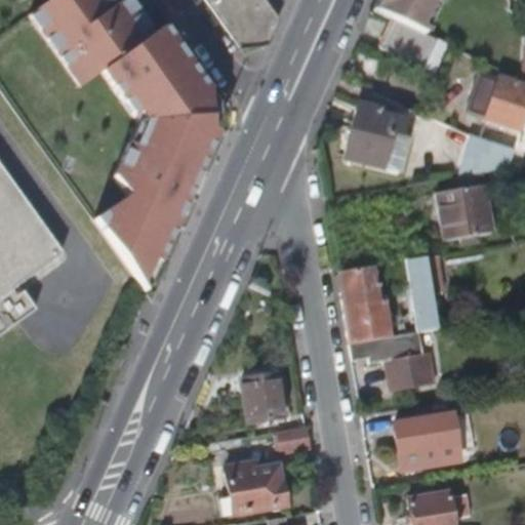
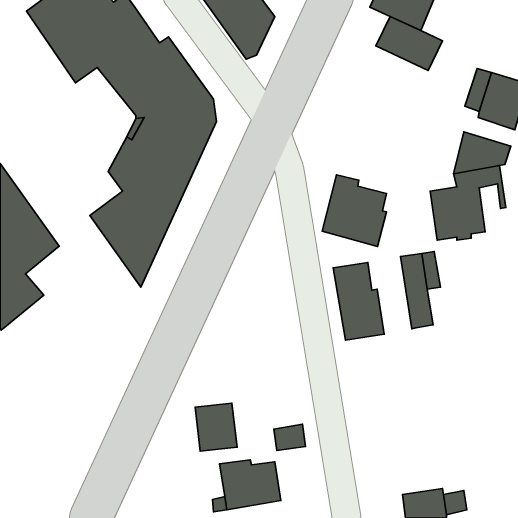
building: [345,99,409,171] -> [322,175,387,246]
building: [351,329,434,387] -> none
building: [243,373,285,421] -> [195,403,237,451]
building: [394,412,459,469] -> none

